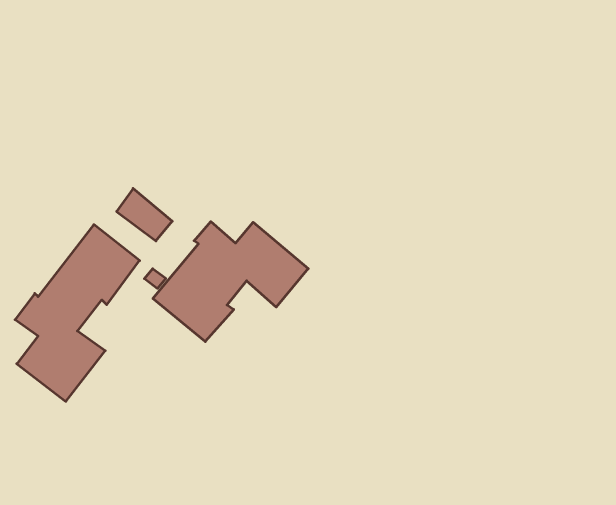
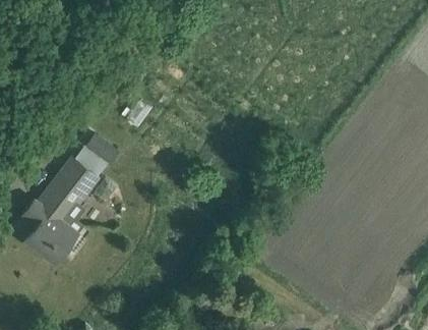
building: [153,222,308,342] -> none

